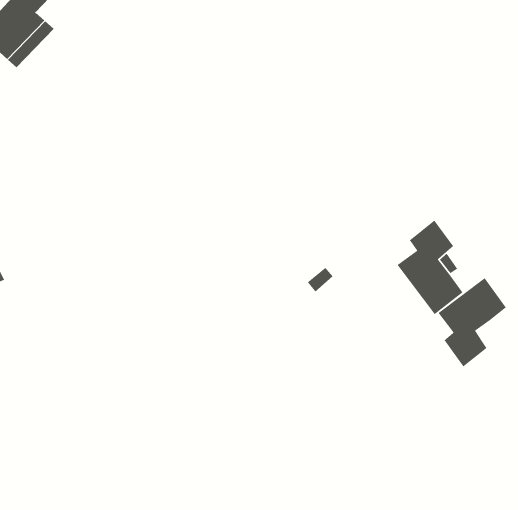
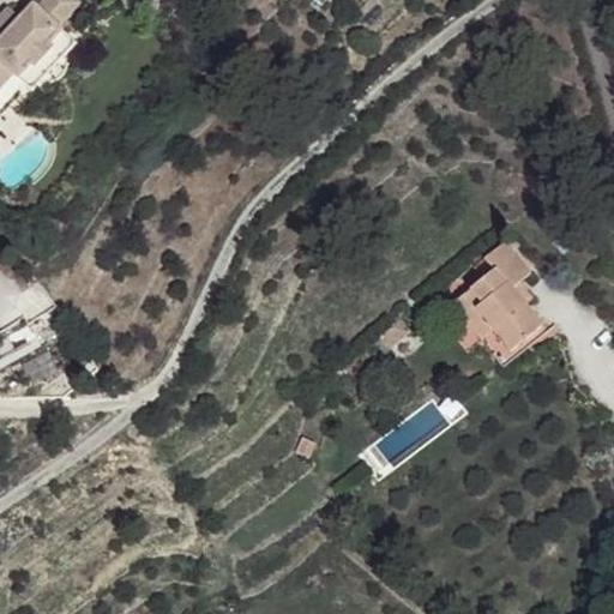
building: [437,277,507,367] -> none

